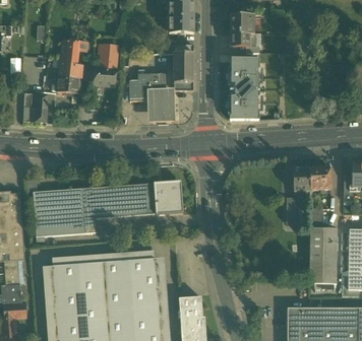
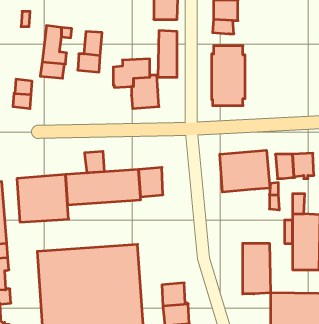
building: none -> [220,150,270,192]
building: none -> [85,151,104,173]
building: none -> [243,243,270,294]

